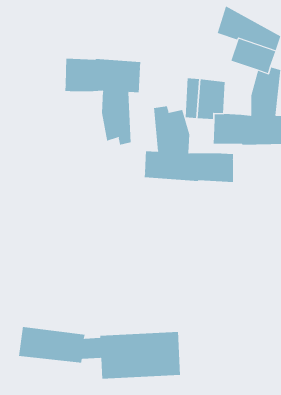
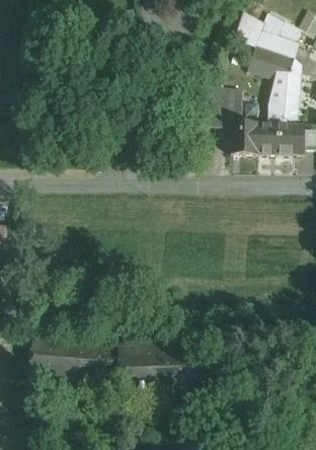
building: [65,58,141,145] -> none
building: [144,106,234,183] -> none

